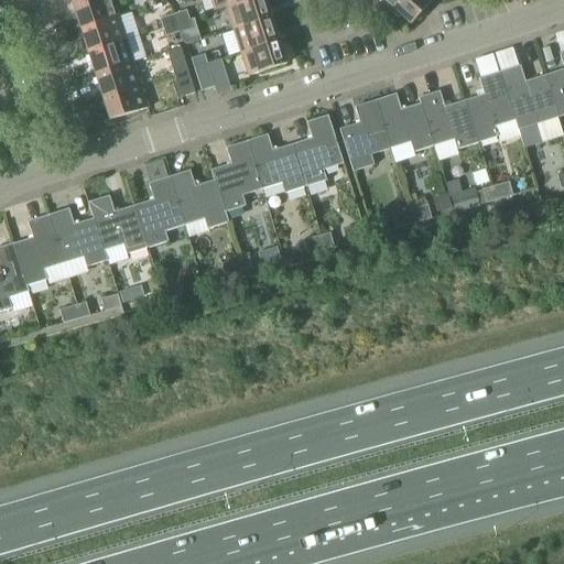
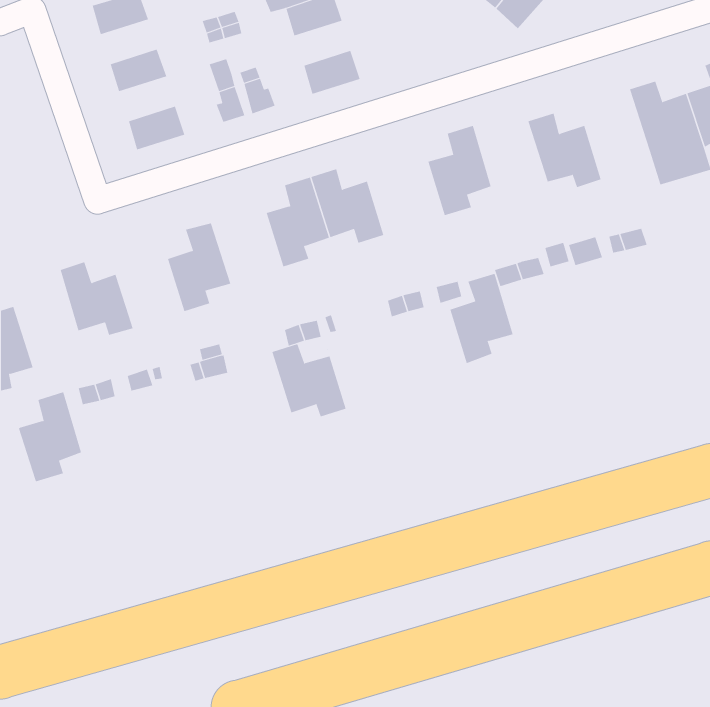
building: [80,15,126,51] -> none
building: [234,17,279,52] -> none
building: [95,61,140,96] -> none
building: [464,70,514,142] -> none
building: [376,93,434,152] -> none
building: [292,115,343,186] -> [449,273,513,364]
building: [169,169,228,228] -> [271,342,347,417]
building: [88,195,147,253] -> none
building: [12,214,63,291] -> [18,391,82,489]

